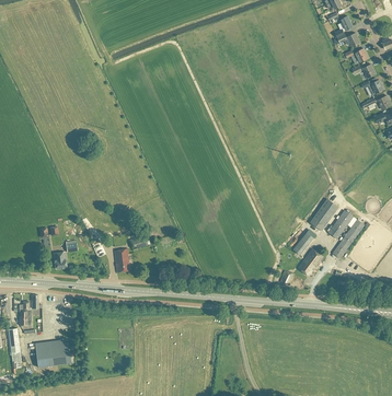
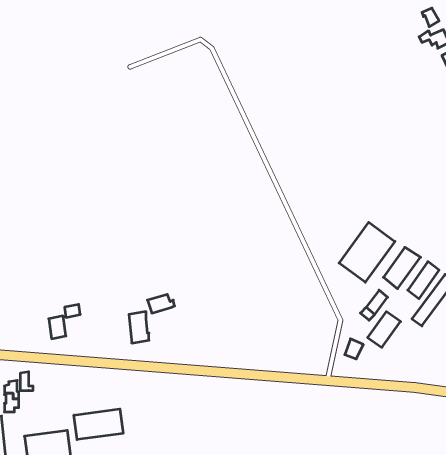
building: none -> [339,222,395,282]
building: none -> [74,409,123,440]

